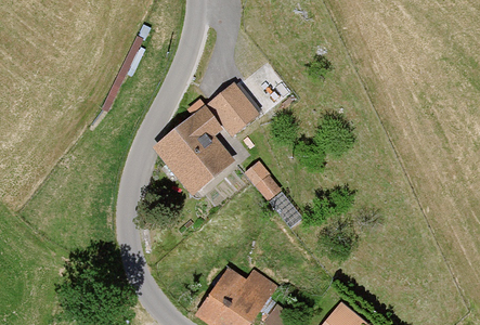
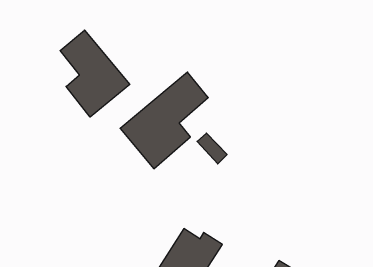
building: none -> [60,30,130,117]

